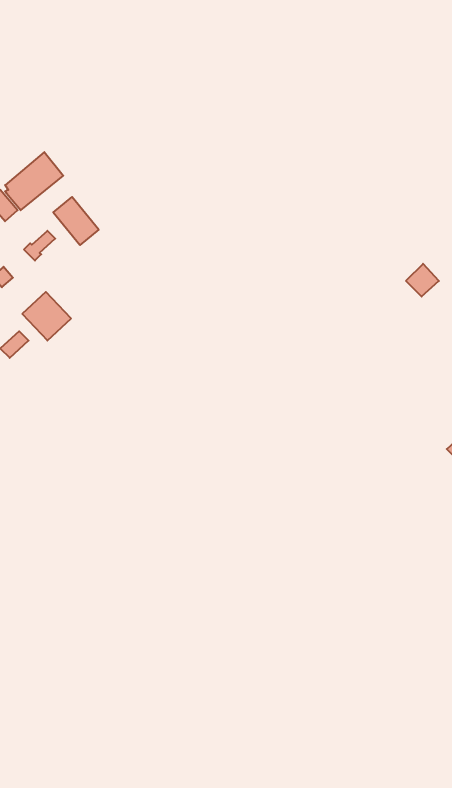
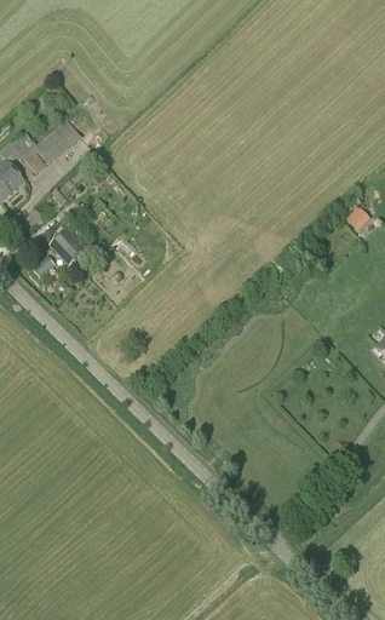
building: [53,197,99,245] -> none

